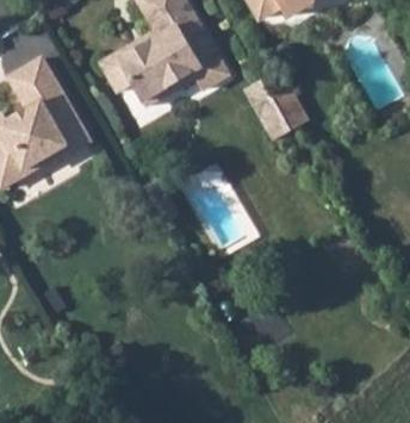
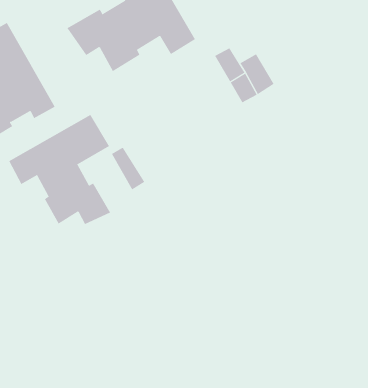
building: none -> [8,114,111,225]

